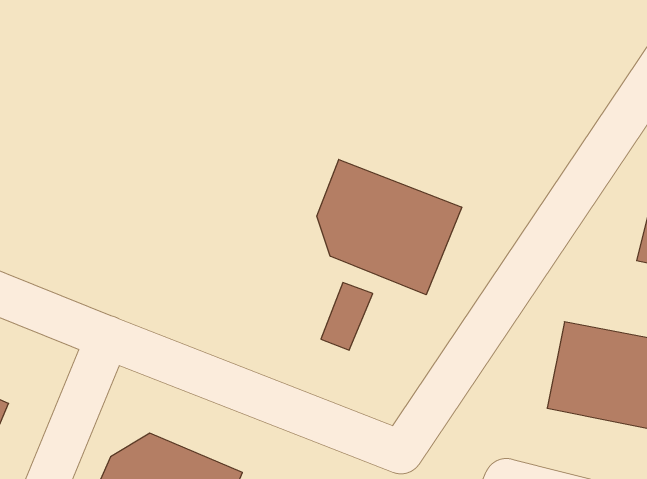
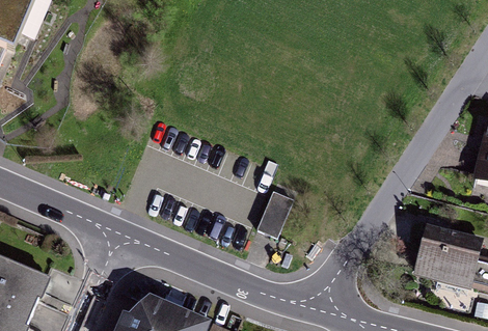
building: [317,159,462,295] -> none

